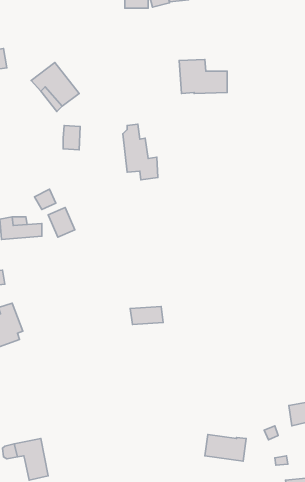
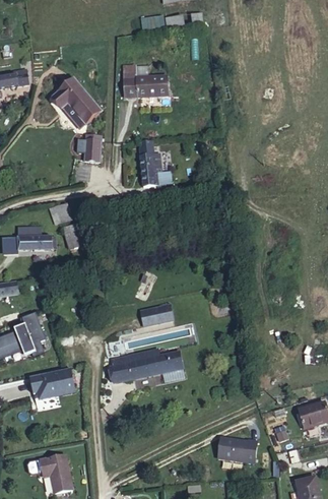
building: [179,59,227,93] -> [119,65,165,98]
building: none -> [114,356,180,384]
building: none -> [28,373,72,398]

